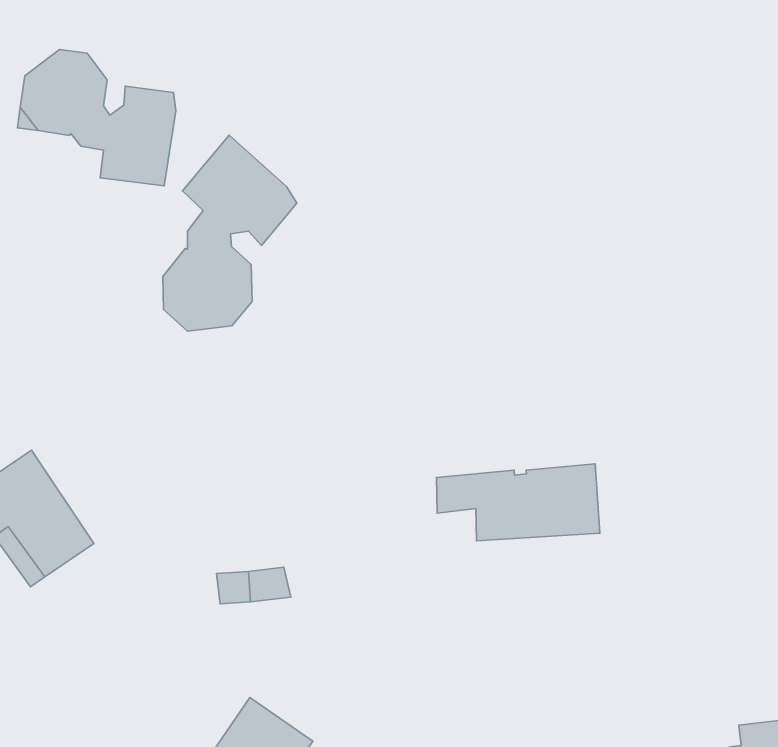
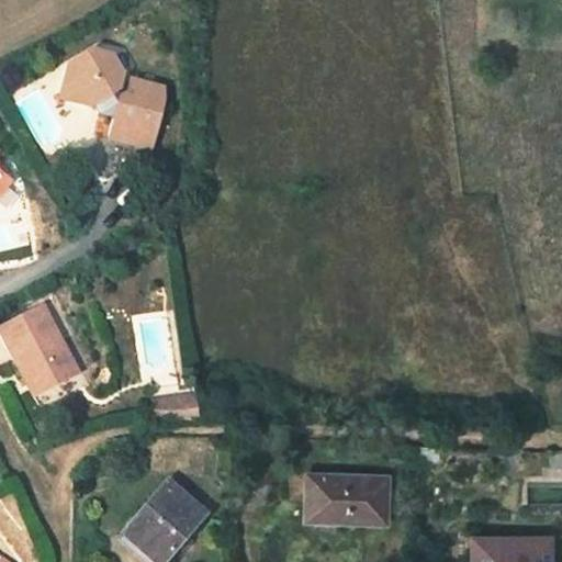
building: [163,135,297,331] -> none
building: [437,464,600,541] -> [283,473,389,521]

